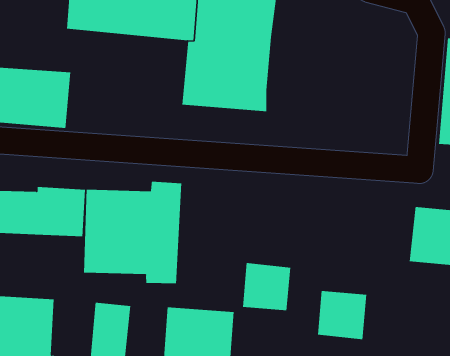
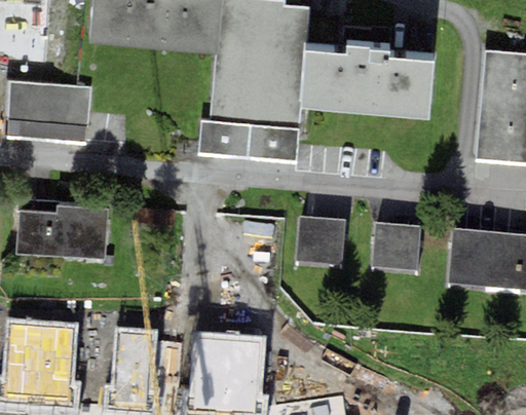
building: none -> [298,44,437,118]
building: none -> [197,120,298,163]
building: [83,181,182,284] -> none
building: [242,263,291,311] -> [294,215,345,265]
building: [317,290,367,340] -> [370,222,422,273]

